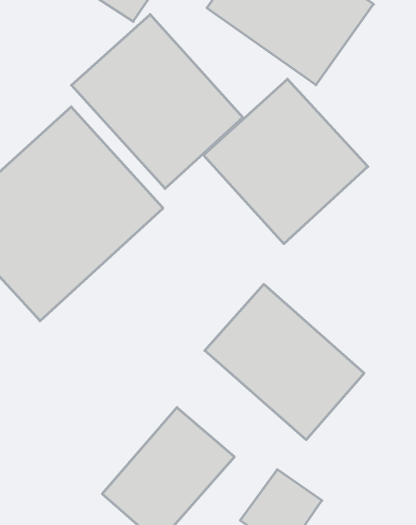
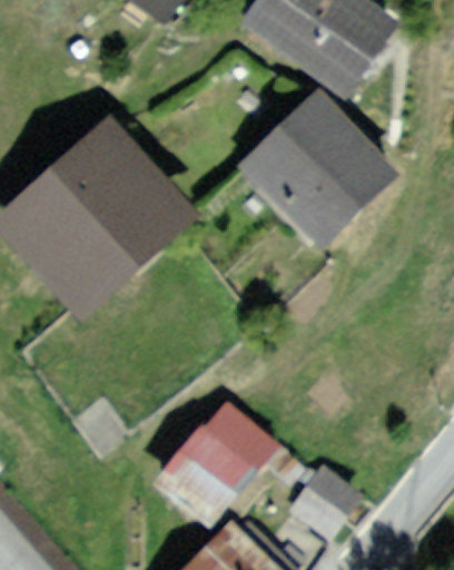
building: [71,14,243,189] -> none
building: [205,284,364,440] -> none

